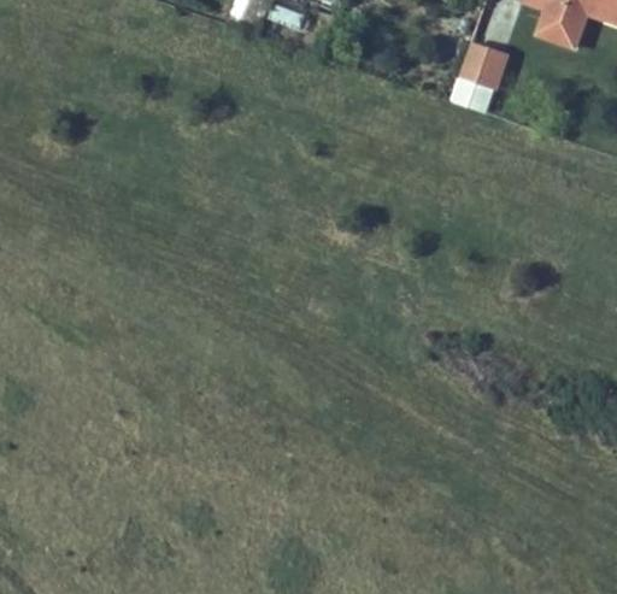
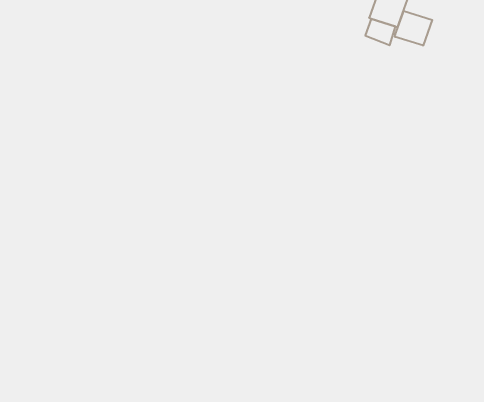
building: none -> [395,11,432,46]

